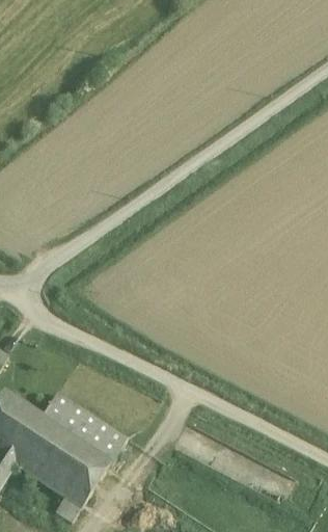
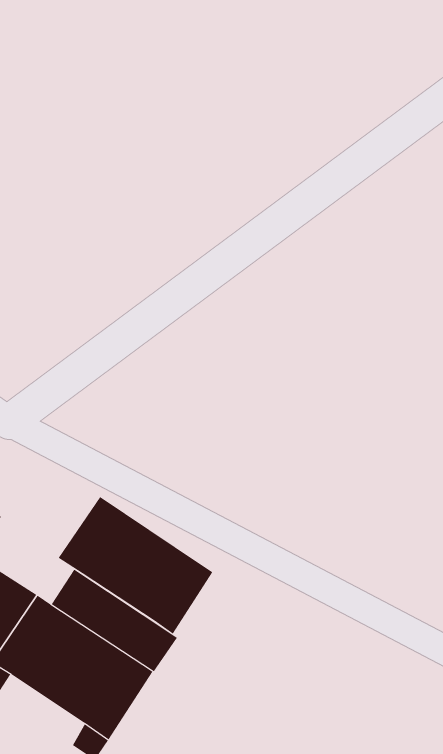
building: none -> [58,496,213,635]

